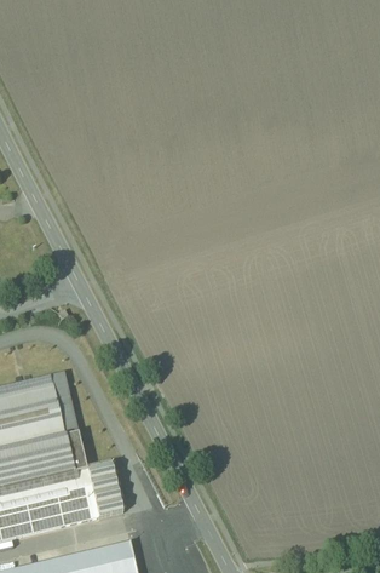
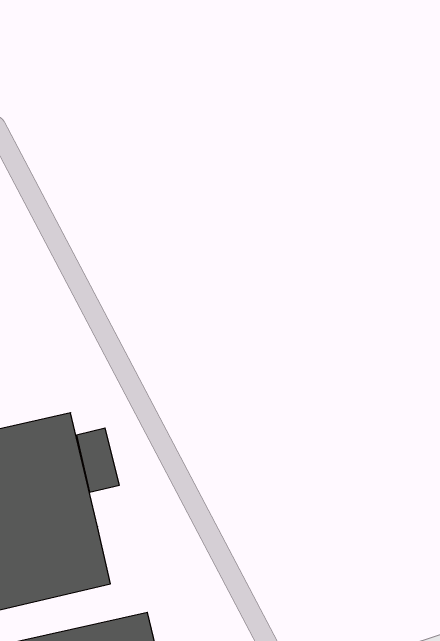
building: [87,464,123,518] -> [77,428,119,492]

